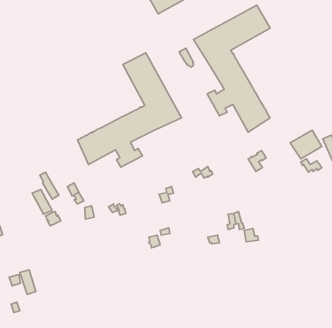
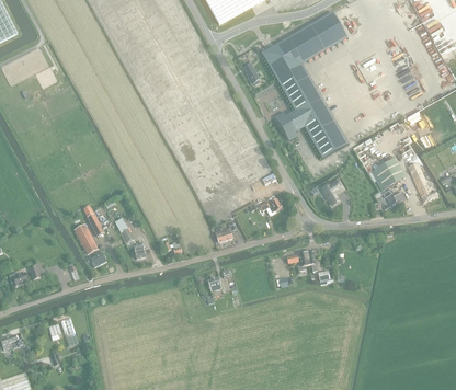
building: [77,53,181,167] -> none

